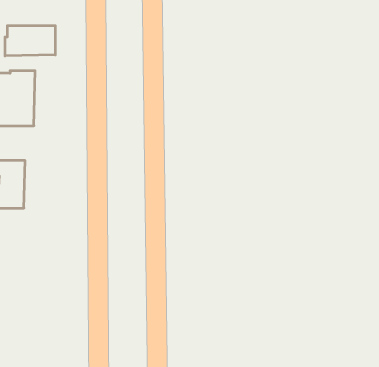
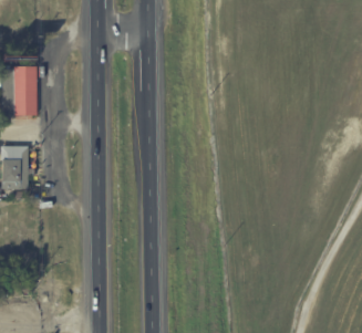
building: [5,26,55,56] -> none

